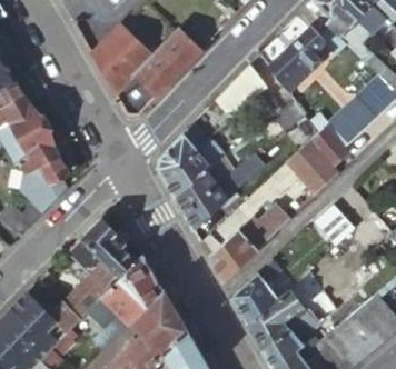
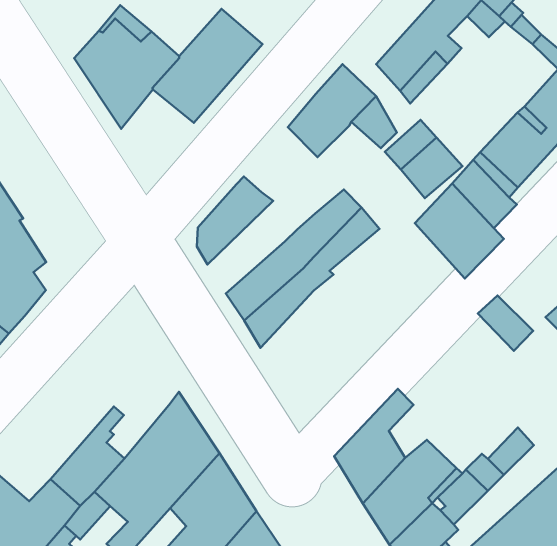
building: [162,137,228,197] -> none
building: [61,217,136,291] -> none
building: [207,217,283,282] -> none

